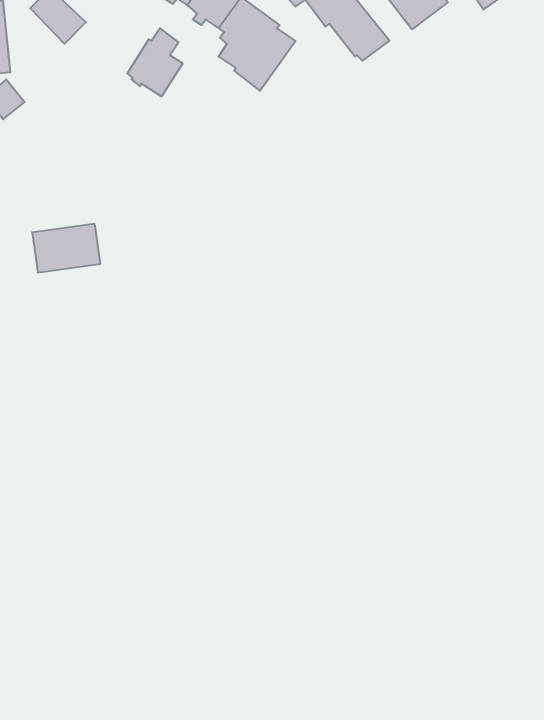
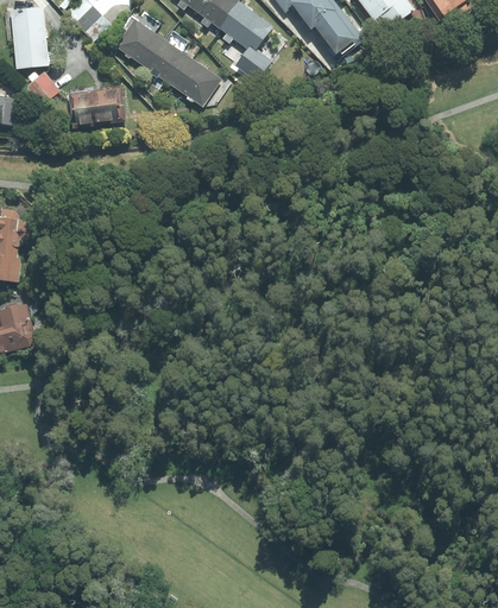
building: none -> [114,11,163,66]
building: none -> [174,58,232,106]
building: [32,224,100,272] -> [68,87,125,127]

